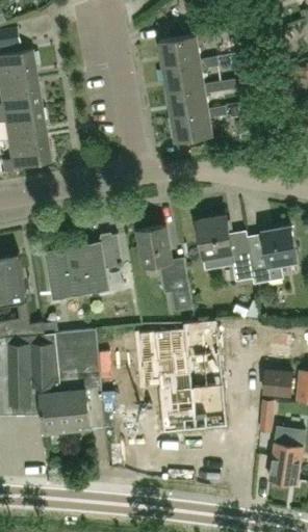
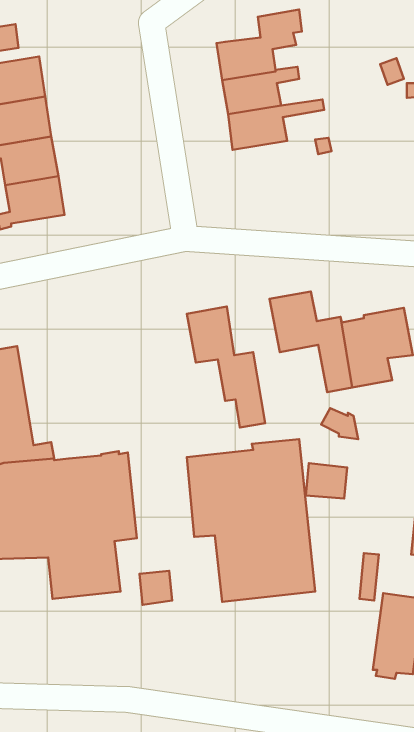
building: [170,108,225,141] -> none
building: [44,235,122,299] -> none
building: [262,371,291,396] -> [306,463,347,499]

